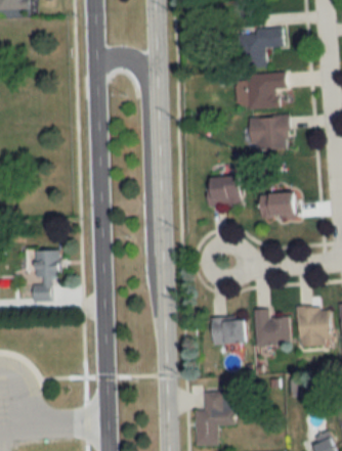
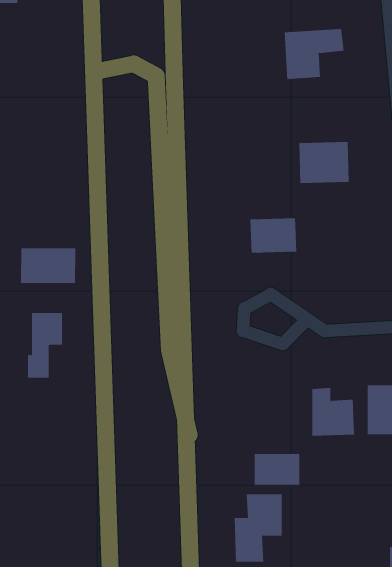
building: [243,74,284,109] -> none
building: [255,194,291,220] -> none
building: none -> [20,247,76,284]
building: [212,319,248,344] -> [254,454,300,485]

